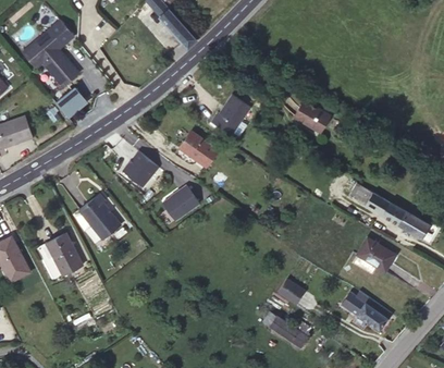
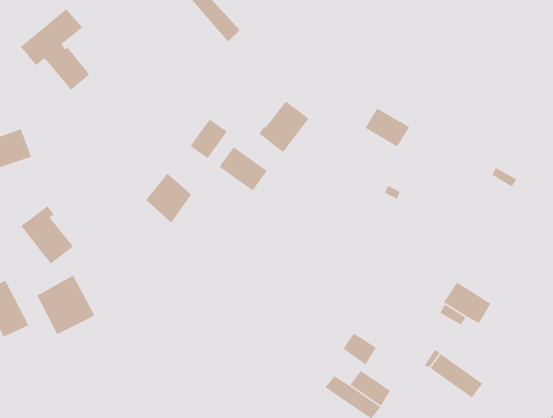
building: [53,85,87,118] -> none
building: none -> [190,119,228,159]
building: [348,184,429,238] -> none
building: [162,189,198,224] -> none
building: [77,193,120,240] -> [20,205,74,264]

